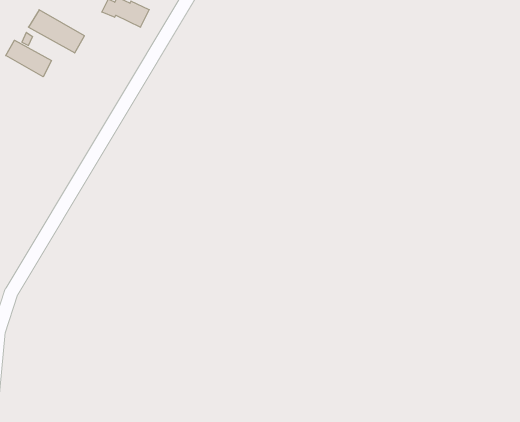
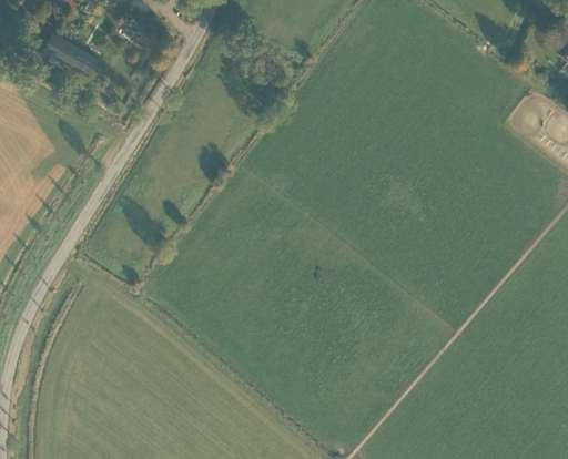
building: [6,40,51,77] -> none

